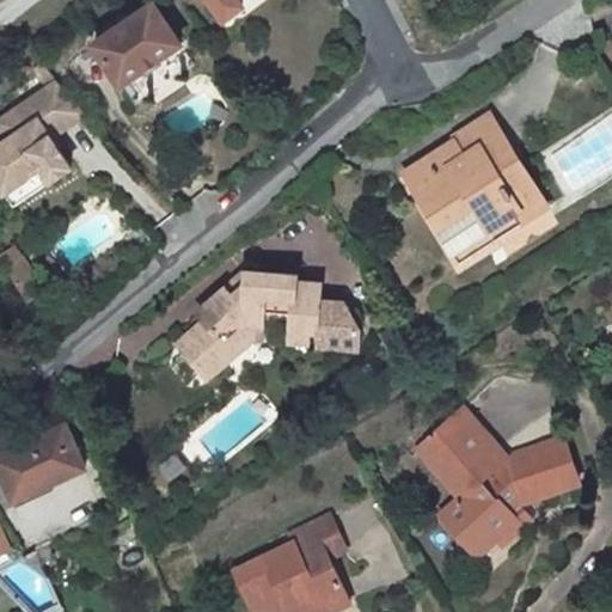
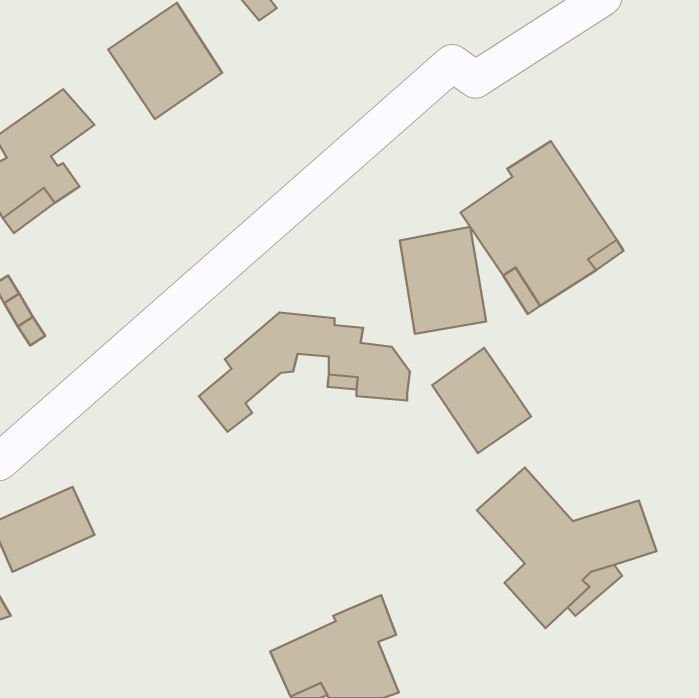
building: none -> [400,227,486,334]
building: none -> [432,348,531,453]

